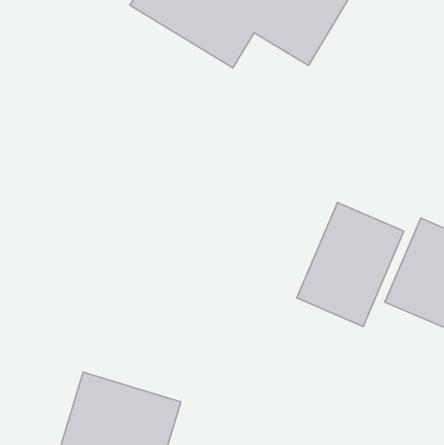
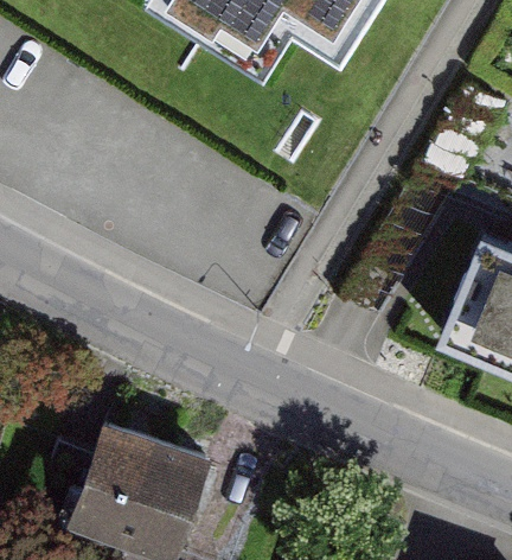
building: [297,203,404,326] -> none

